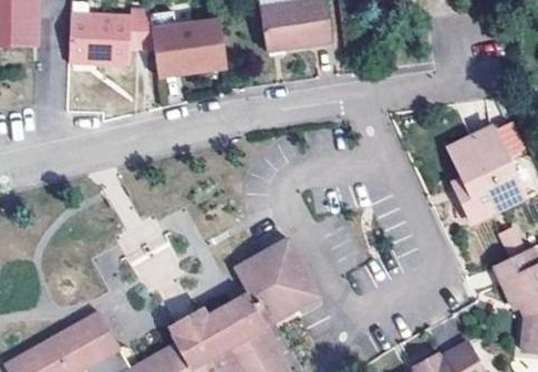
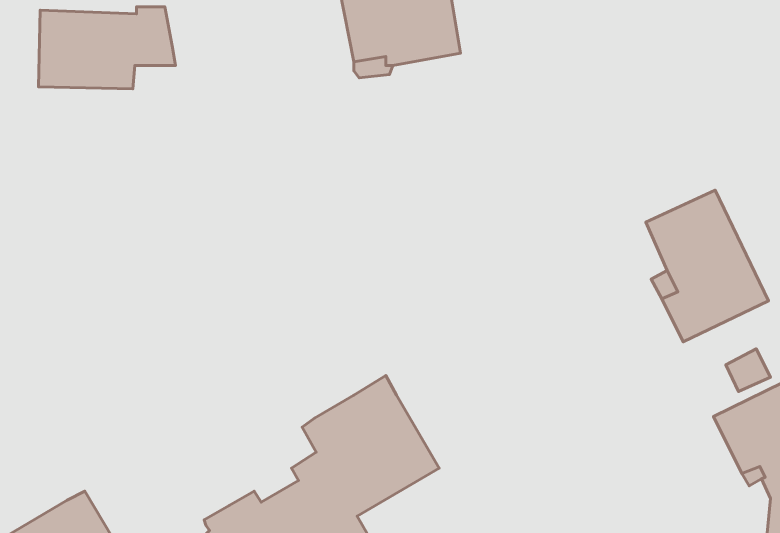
building: [152,21,228,76] -> none

